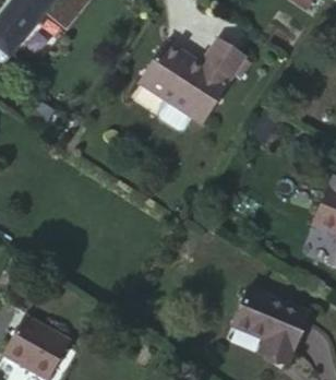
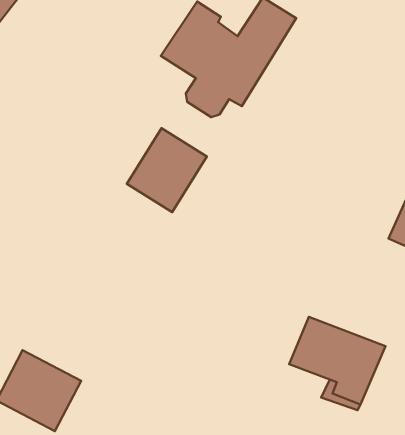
building: none -> [127,128,207,212]

